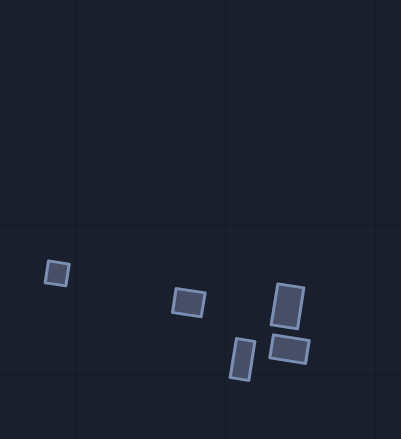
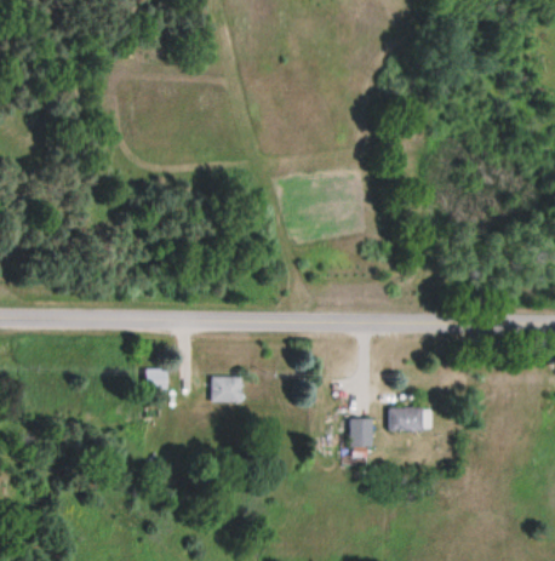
building: [271,284,304,329] -> none
building: [173,288,205,317] -> [212,376,242,401]

